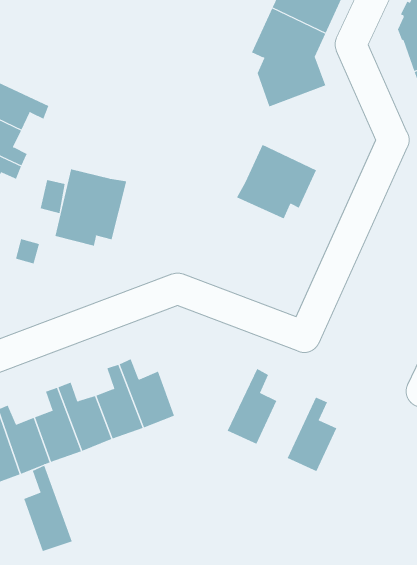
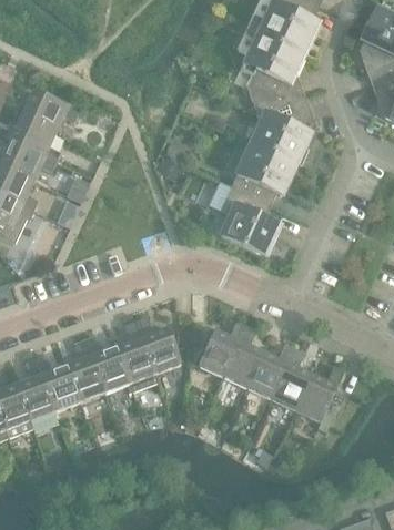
building: none -> [250,95,312,164]
building: [55,168,127,246] -> none
building: none -> [205,181,277,256]
building: none -> [196,320,245,376]
building: none -> [245,343,293,398]
building: none -> [294,366,343,421]
building: [24,465,73,552] -> none

